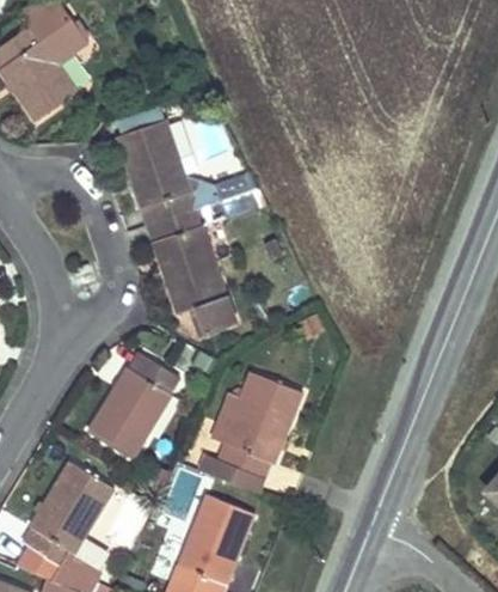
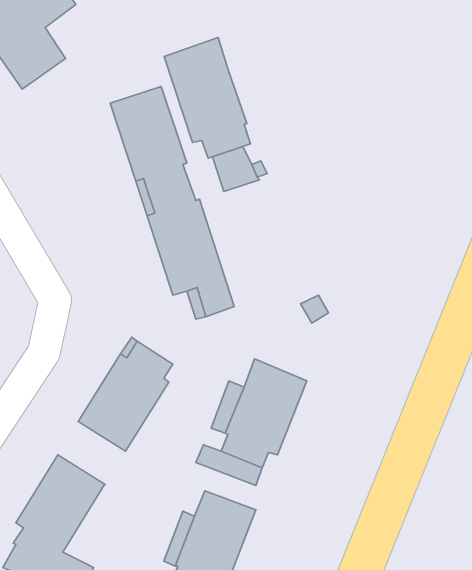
building: none -> [164,37,250,158]

